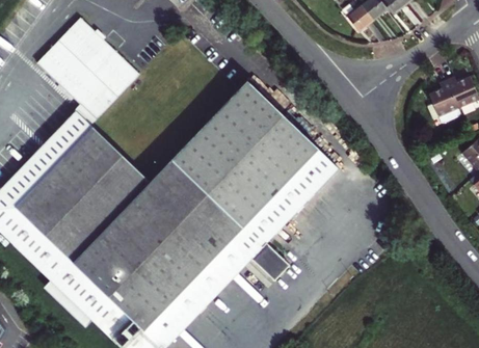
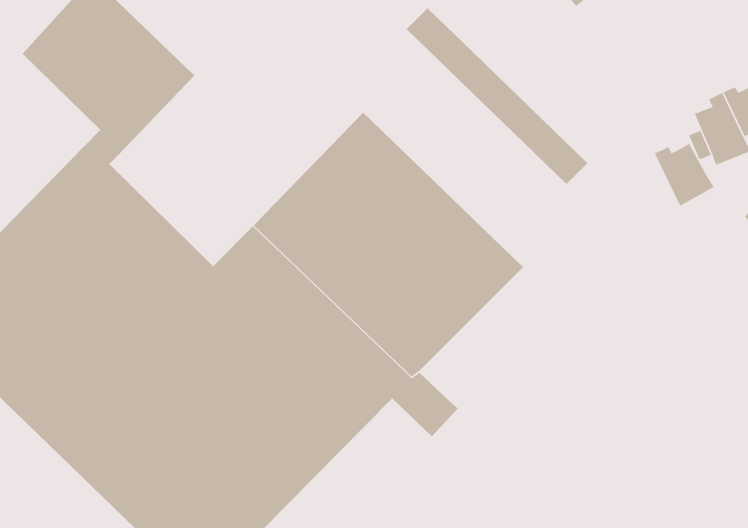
building: [236,80,341,182] -> [406,8,588,185]
building: none -> [654,143,715,207]

